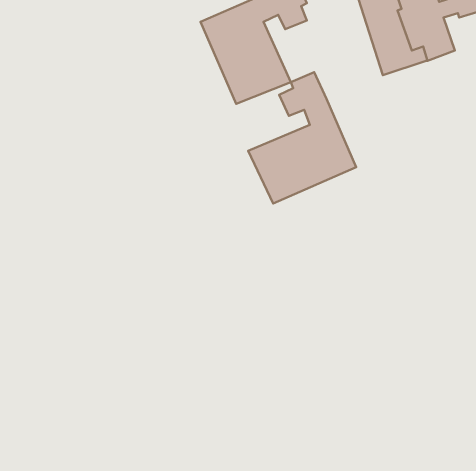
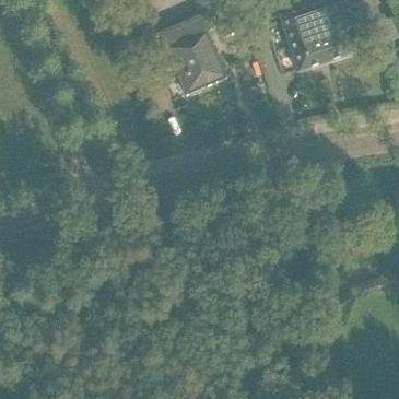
building: [248,72,356,203] -> none

